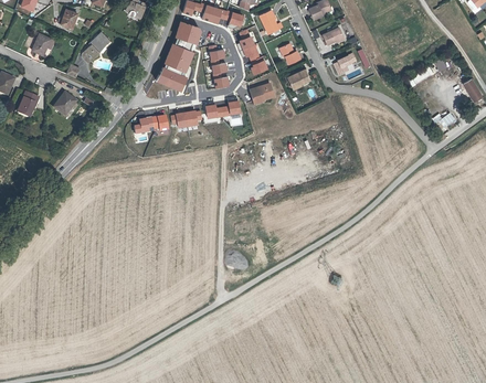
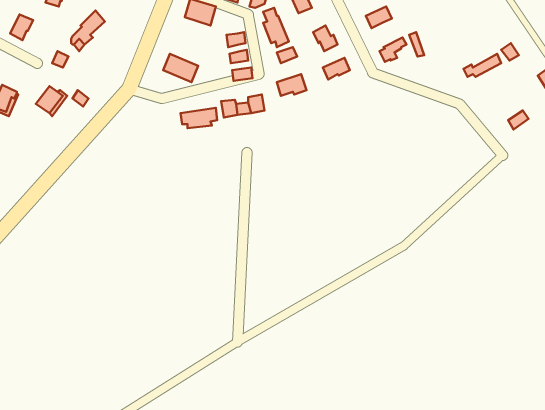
building: [165,43,192,71] -> none
building: [133,115,167,132] -> none

